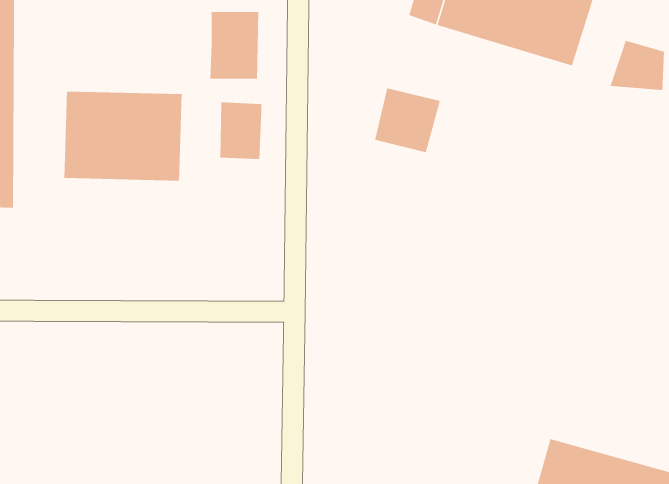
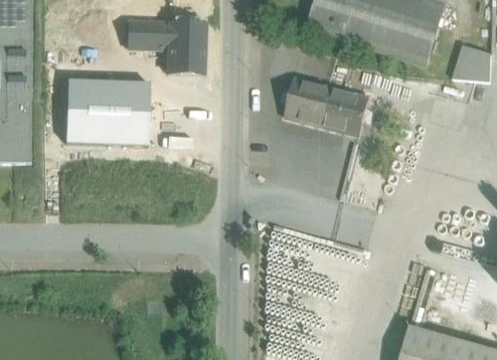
building: none -> [128,21,169,46]
building: none -> [322,86,369,134]
building: [219,101,263,160] -> none

